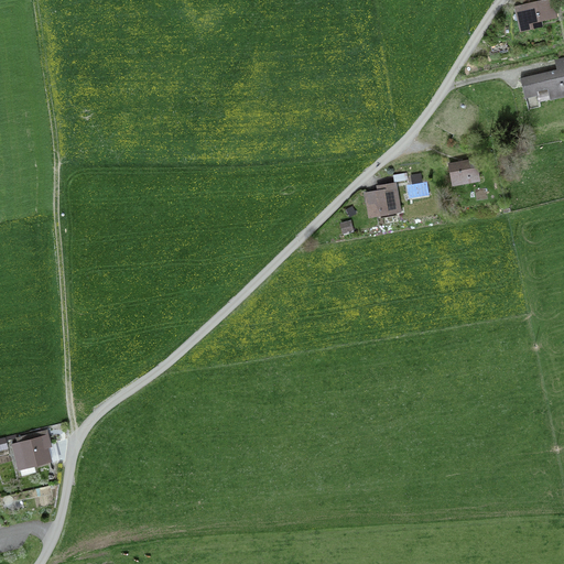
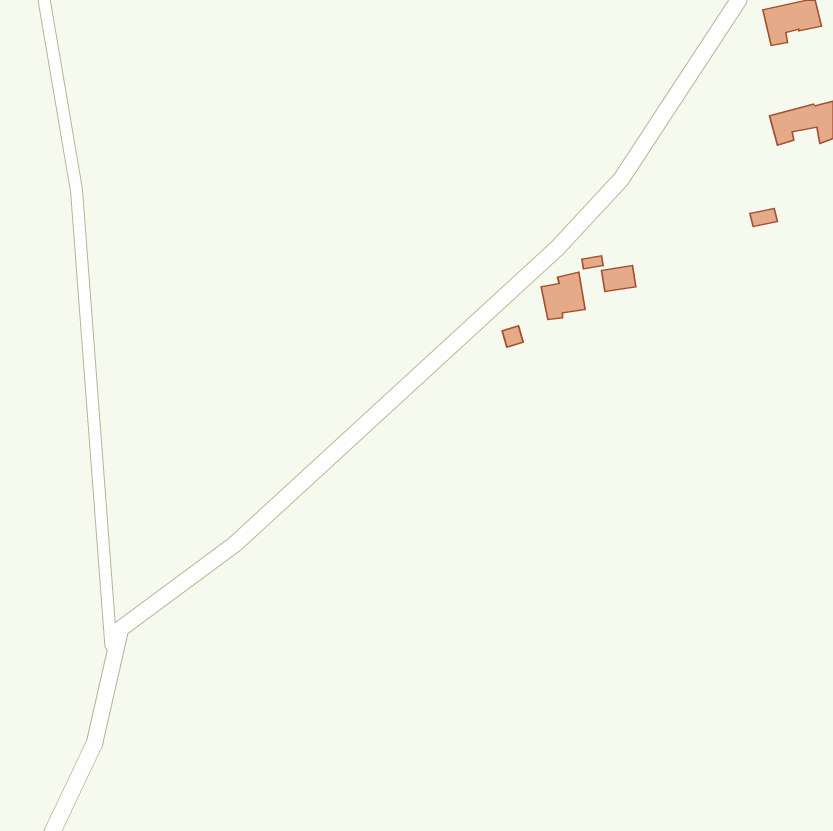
building: [449,161,478,185] -> none
building: [12,433,52,470] -> none

